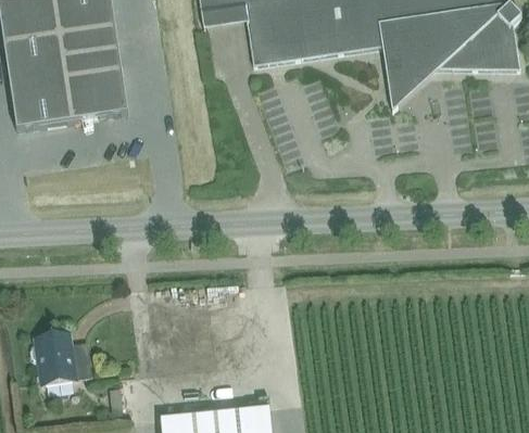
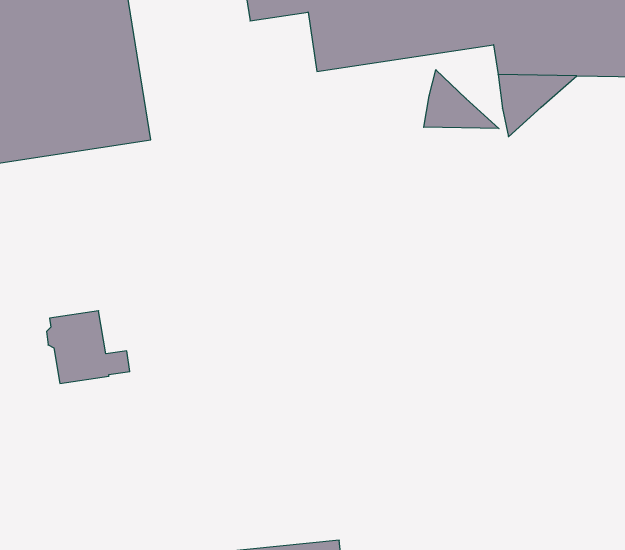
building: none -> [424,70,499,129]
building: [30,331,91,384] -> [47,311,130,383]

